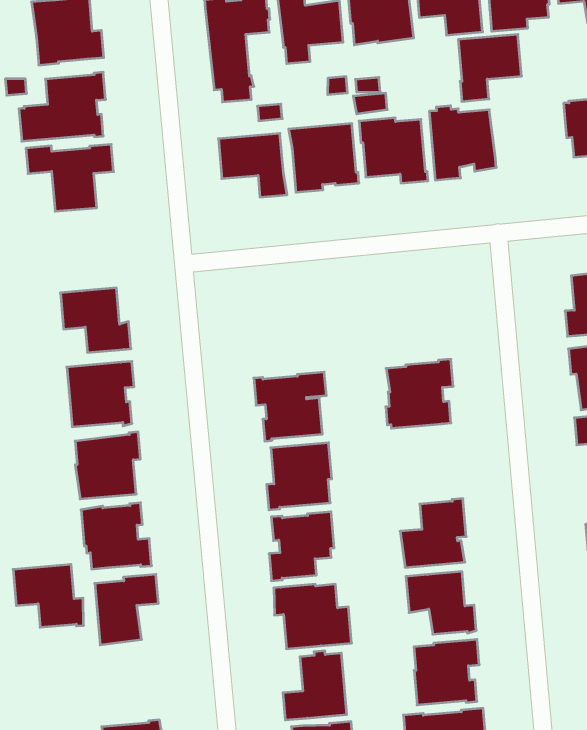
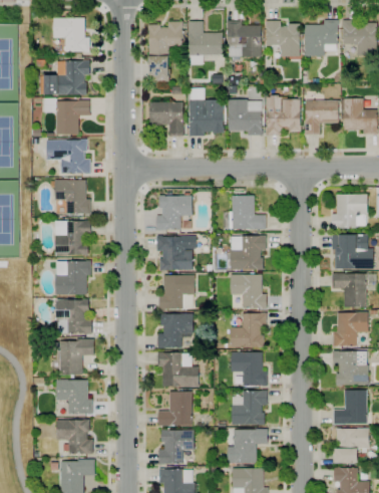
building: [458,34,522,101] -> [305,100,339,135]
building: none -> [54,139,90,174]
building: none -> [225,196,266,230]
building: none -> [156,192,193,230]
building: none -> [231,275,267,309]
building: [13,564,84,627] -> [56,381,93,415]

